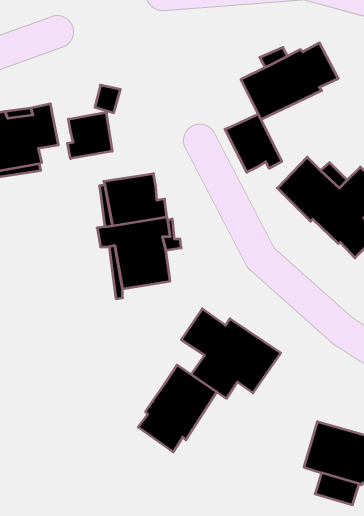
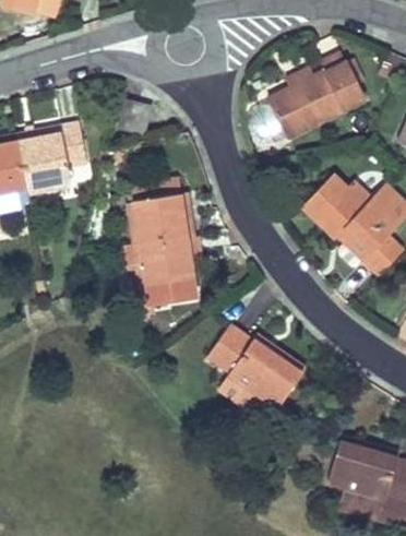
building: [67,112,112,159] -> none
building: [225,114,282,172] -> none
building: [138,365,217,452] -> none

